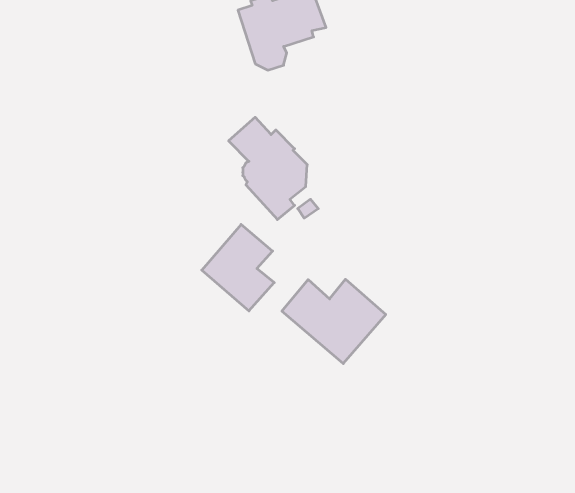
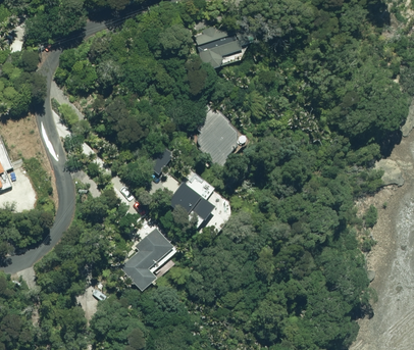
building: [282,279,386,364] -> none
building: none -> [118,224,173,293]

